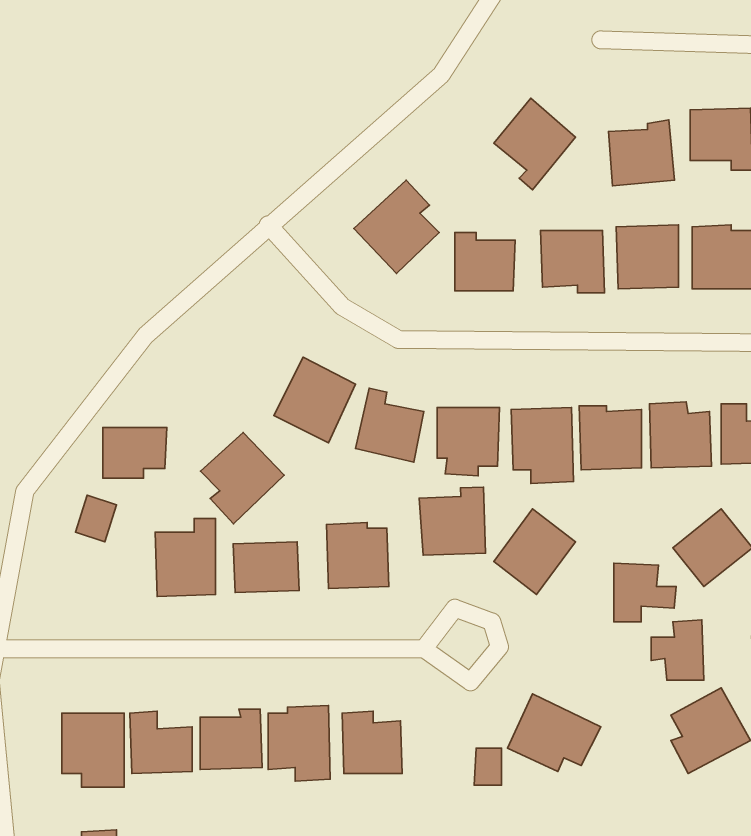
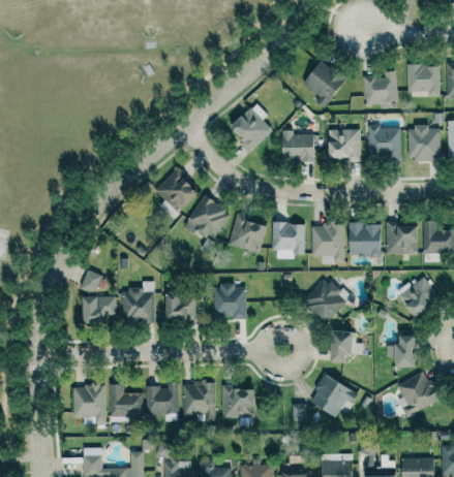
building: [103,428,167,478] -> [83,296,117,323]
building: [200,432,284,524] -> [155,169,200,218]
building: [419,487,486,555] -> none
building: [614,563,676,622] -> [331,331,364,362]

